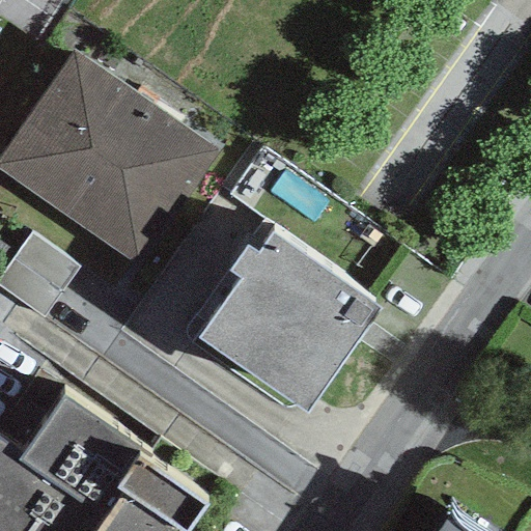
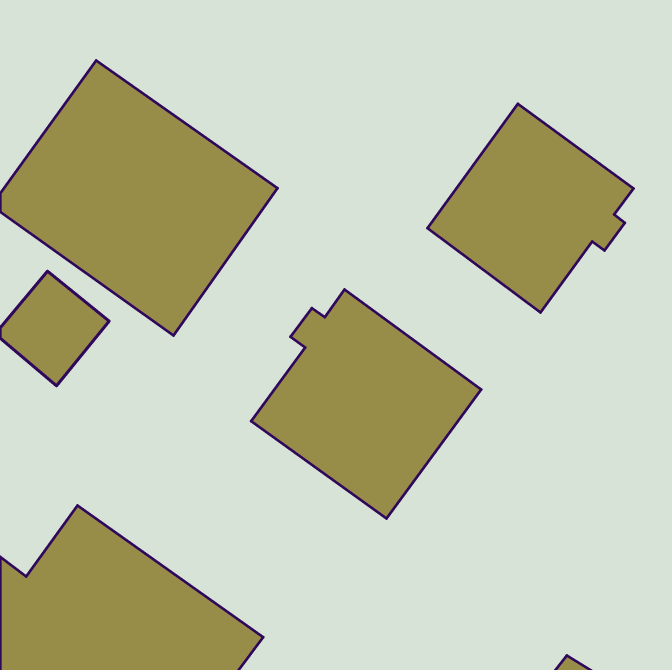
building: none -> [427,104,634,313]

